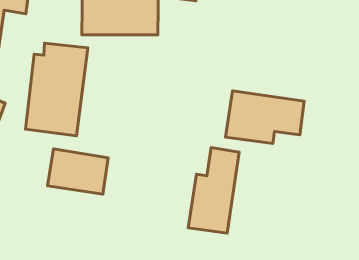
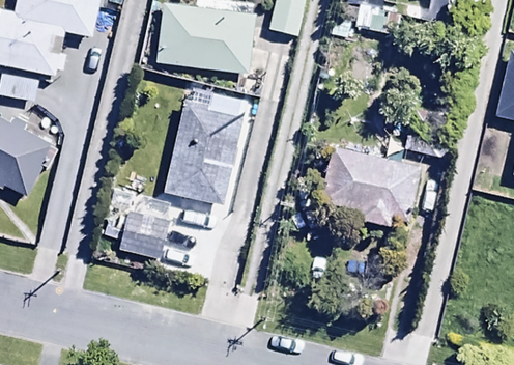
building: [26,43,88,136] -> [165,89,247,204]
building: [188,148,239,233] -> none

